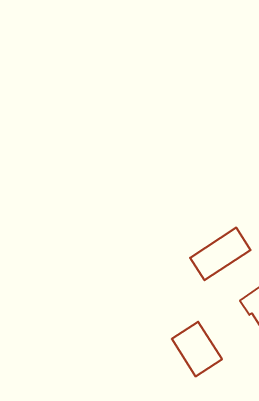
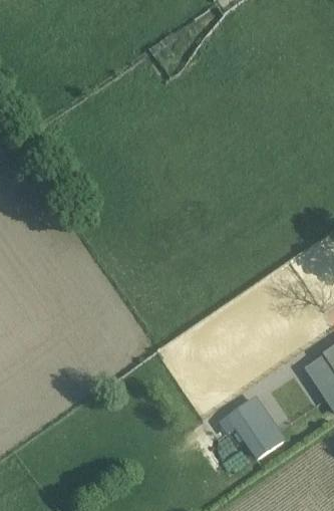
building: [190,227,251,280] -> none

